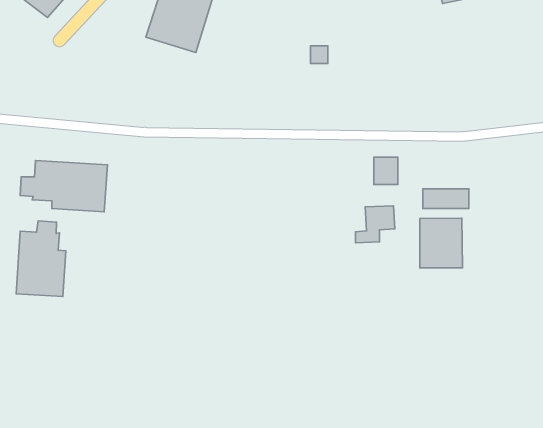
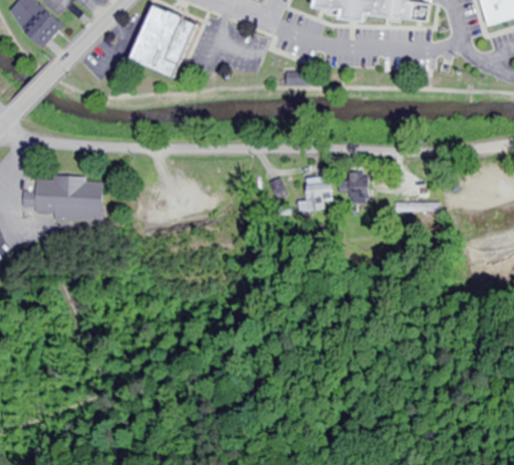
building: [355,206,395,243] -> [292,177,328,211]
building: [420,218,463,268] -> none
building: [16,221,66,297] -> none

